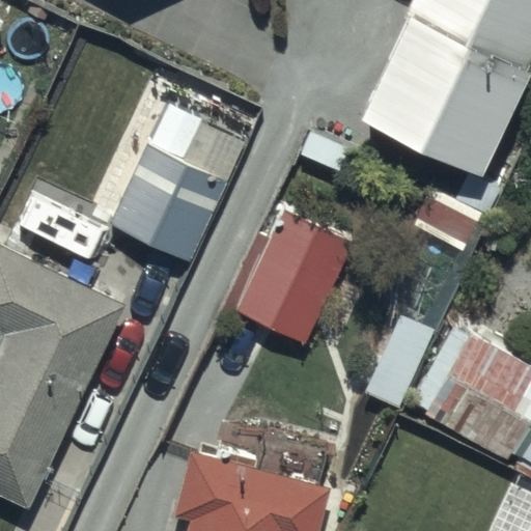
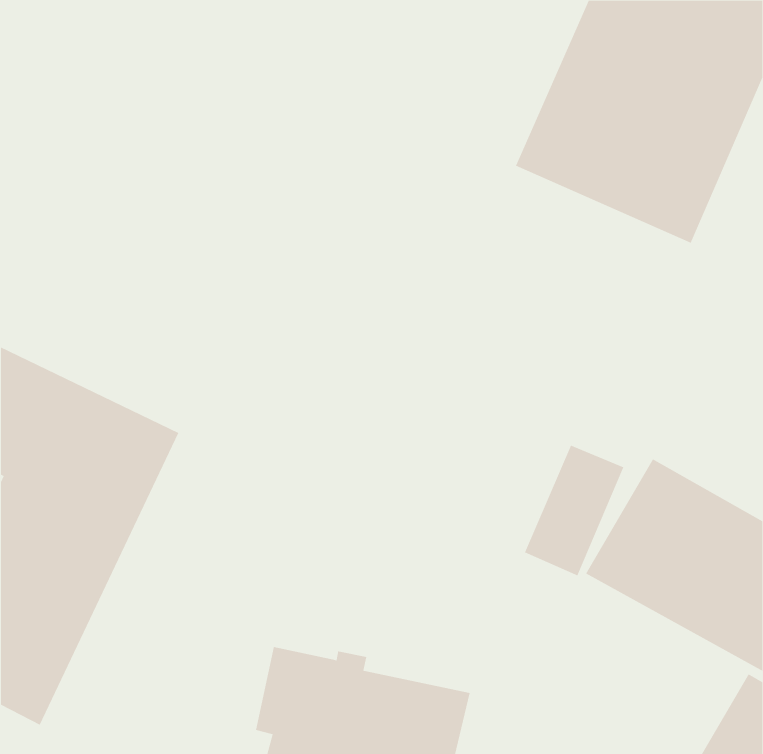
building: [109,103,249,267] -> none
building: [220,207,356,350] -> none

